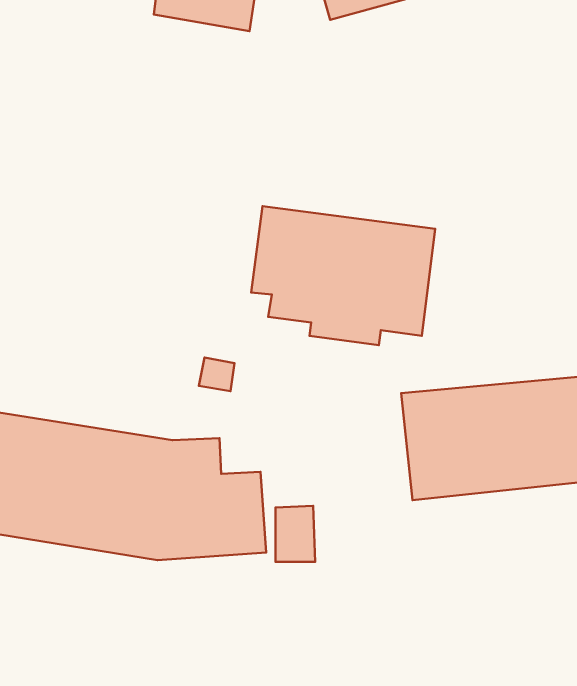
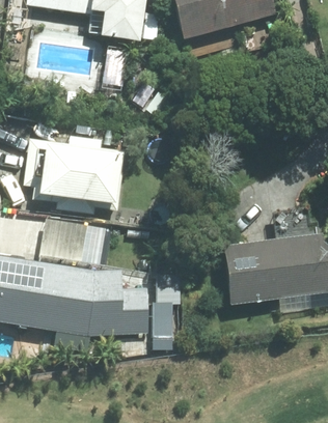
building: [251,206,435,345] -> [26,137,128,214]

